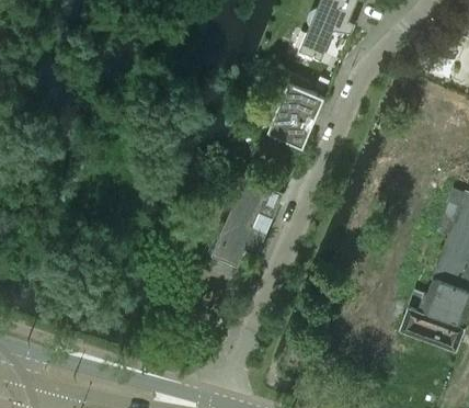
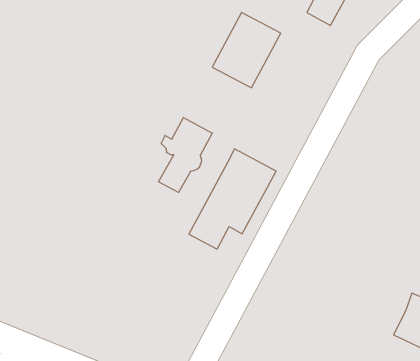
building: [266,83,324,149] -> [212,12,281,88]
building: none -> [159,118,212,192]

